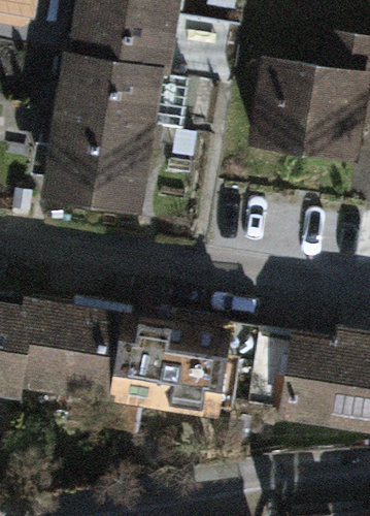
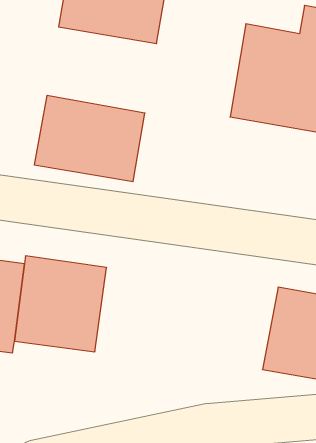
building: [53,55,168,146] -> none
building: [114,304,262,416] -> none

